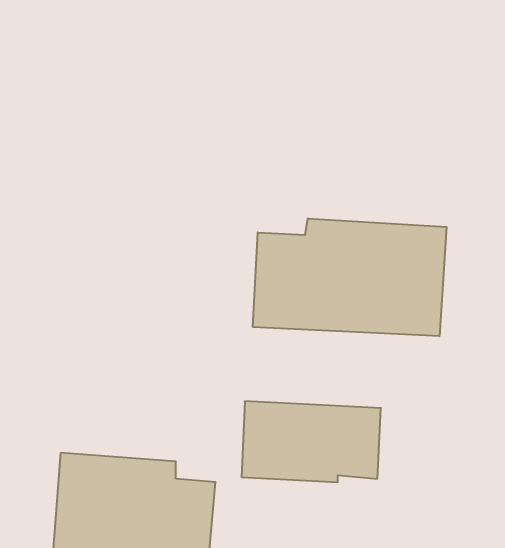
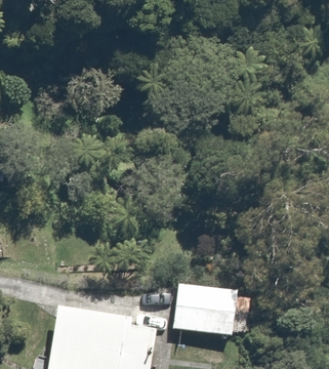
building: [253,218,447,336] -> none

